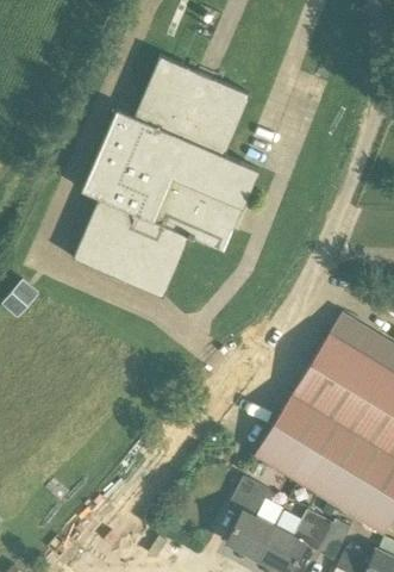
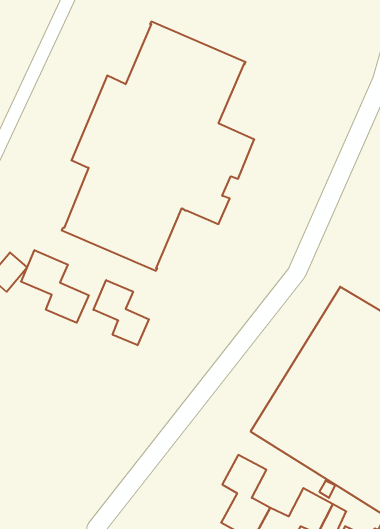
building: none -> [21,250,89,323]
building: none -> [93,280,149,345]

